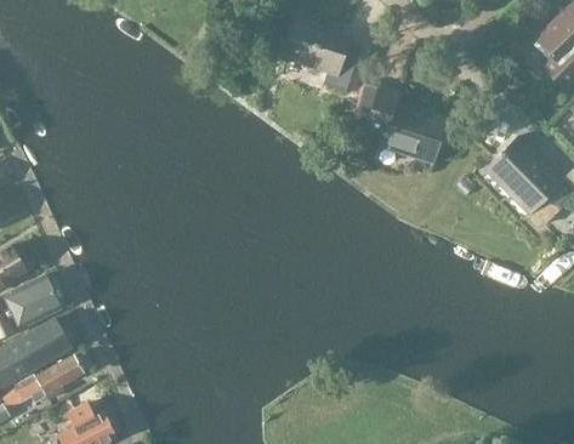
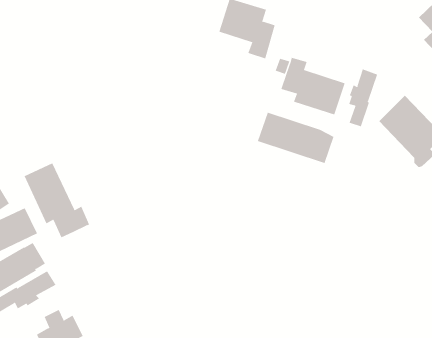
building: none -> [349,69,378,127]
building: none -> [257,112,334,164]
building: none -> [24,162,90,238]

